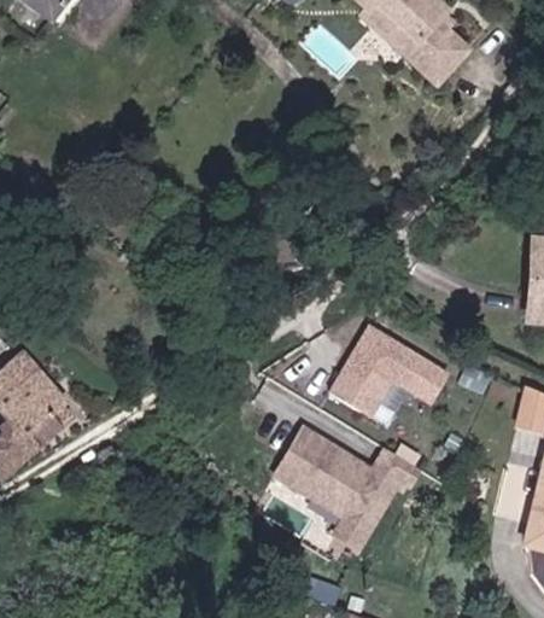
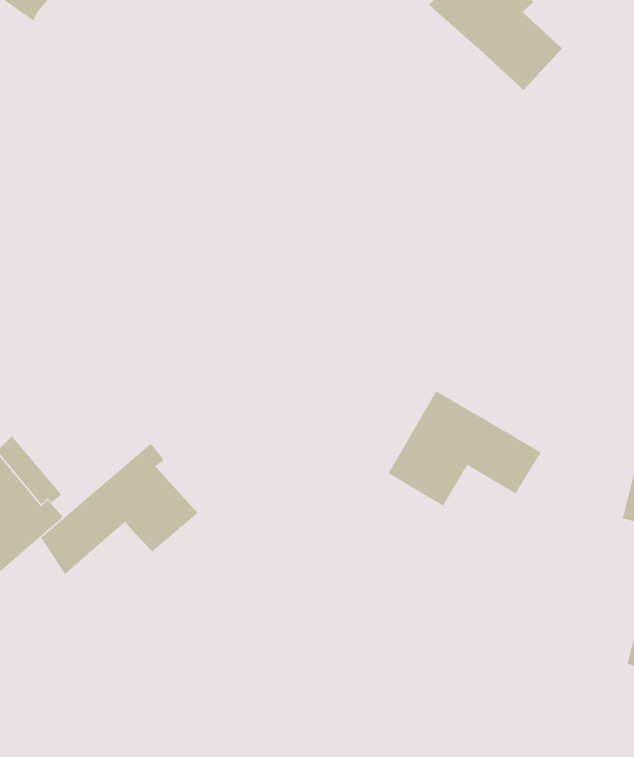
building: none -> [40,443,198,575]
building: [273,425,423,550] -> none

